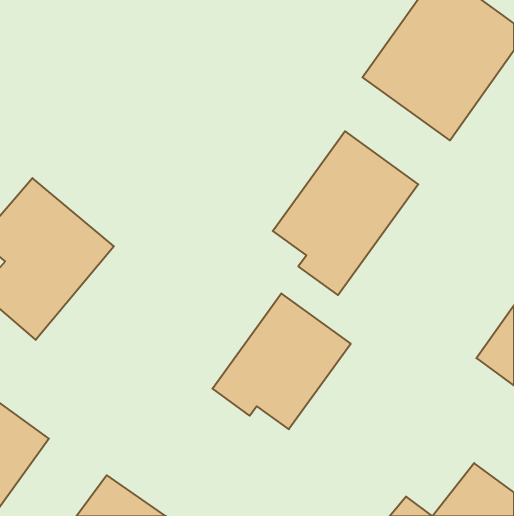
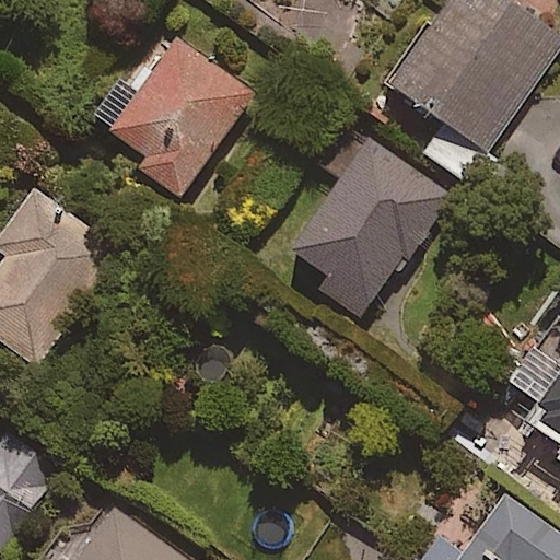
building: none -> [95,38,250,195]
building: [212,293,351,429] -> none

